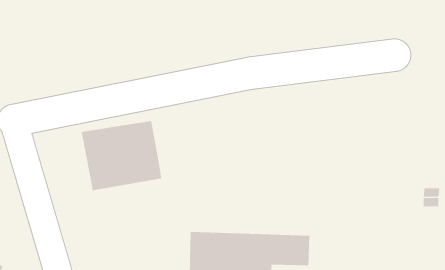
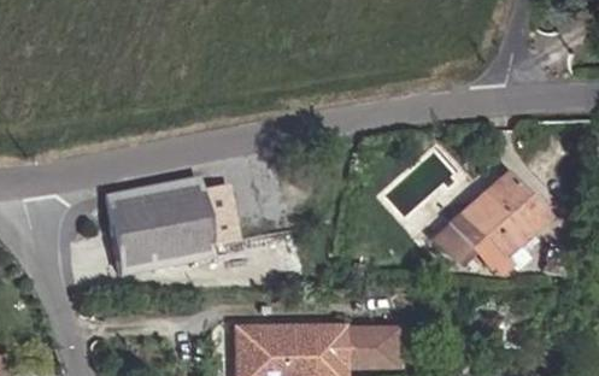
building: none -> [440,186,556,287]

